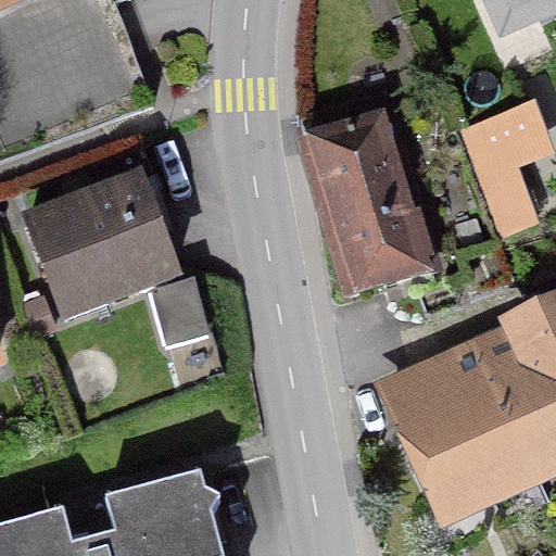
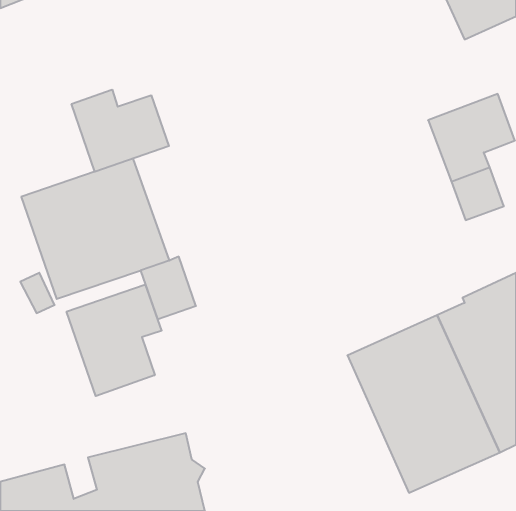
building: [295,93,446,302] -> none
building: none -> [72,90,169,172]
building: none -> [67,284,162,396]

